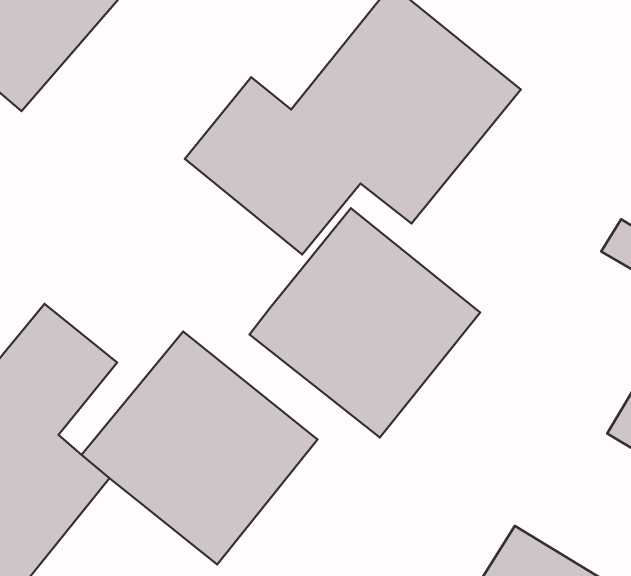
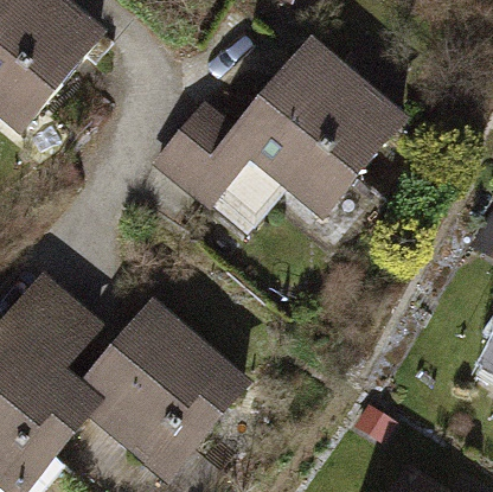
building: [249,208,480,437] -> none

